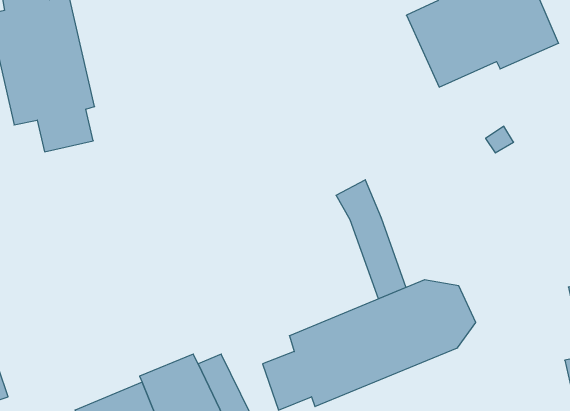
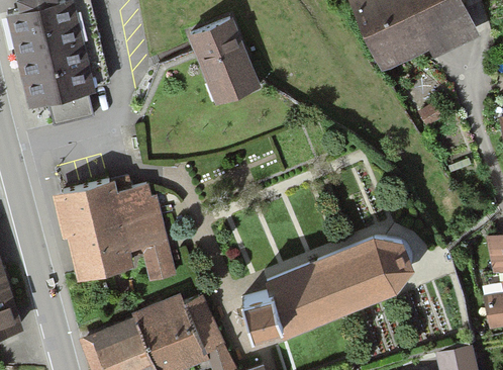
building: none -> [188,15,262,106]
building: [336,180,406,299] -> none
building: none -> [53,179,175,283]

